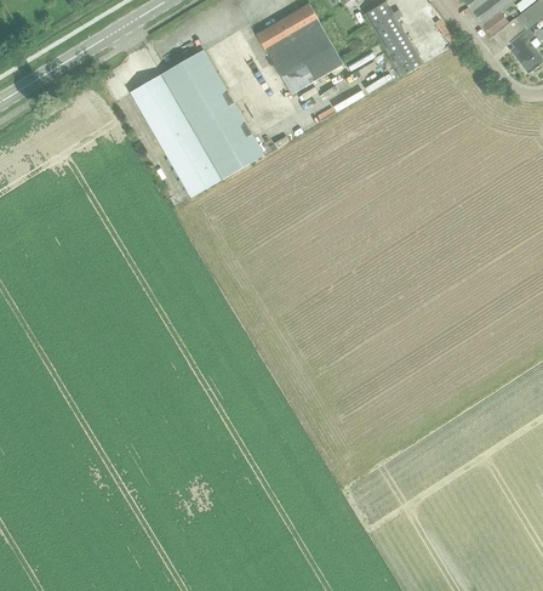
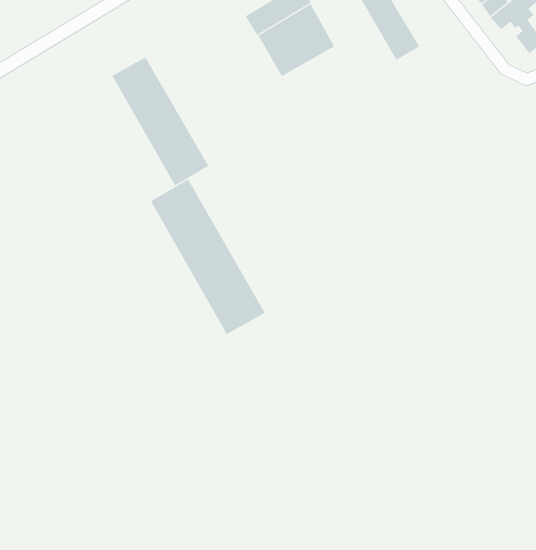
building: [162,49,264,177] -> none
building: none -> [150,178,266,335]

